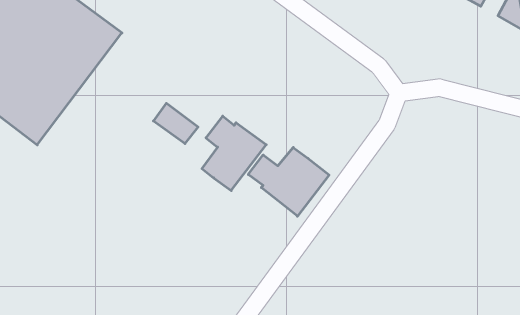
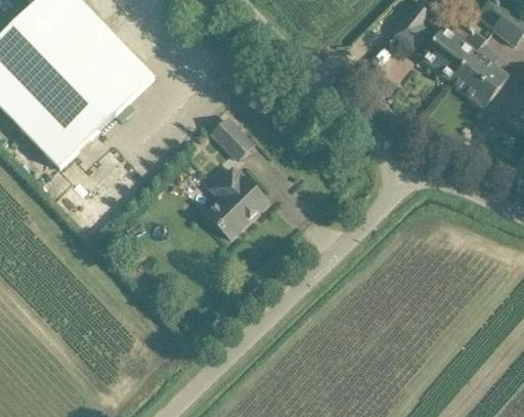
building: [153,103,198,144] -> [213,120,253,160]
building: [248,147,329,216] -> none

